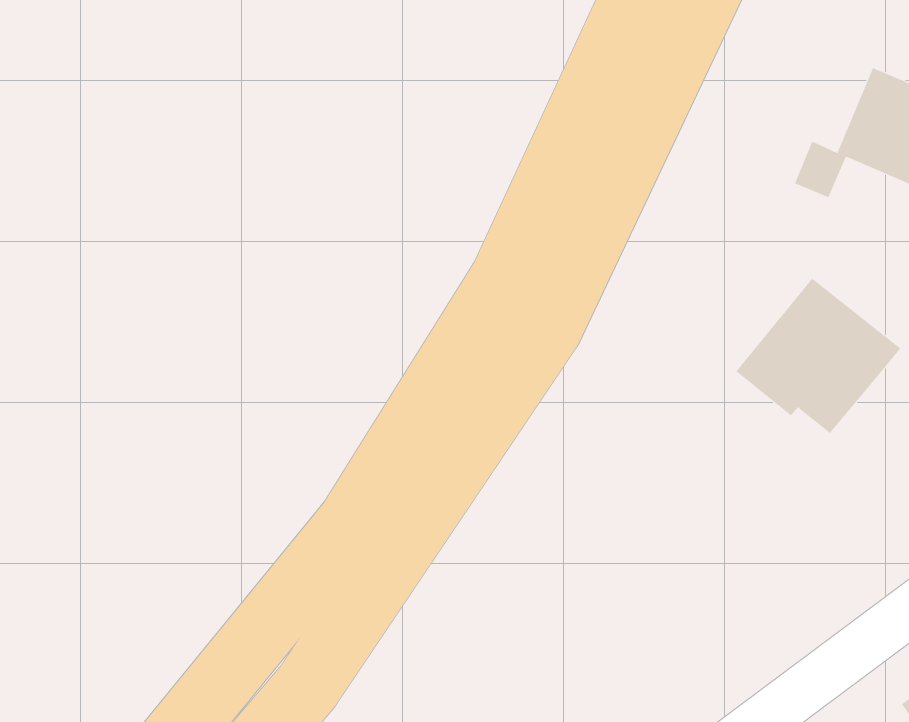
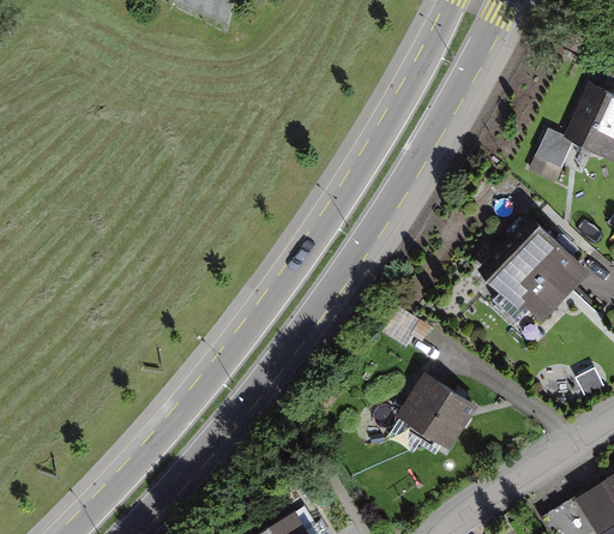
building: none -> [399,374,478,450]

